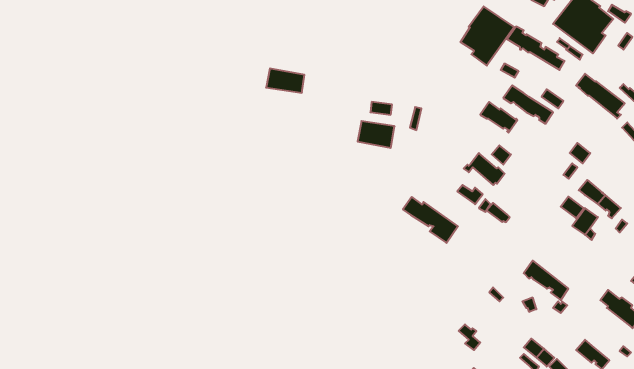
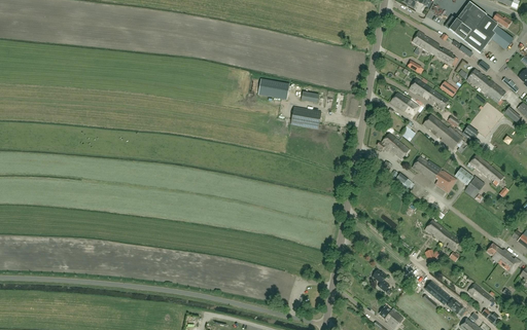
building: [461,6,514,66] -> none
building: [266,68,304,93] -> [258,79,289,99]
building: none -> [423,114,463,149]
building: [403,197,458,243] -> [413,156,457,193]

